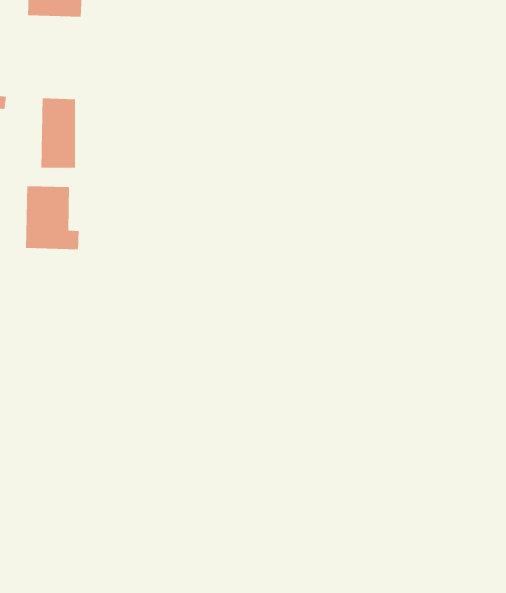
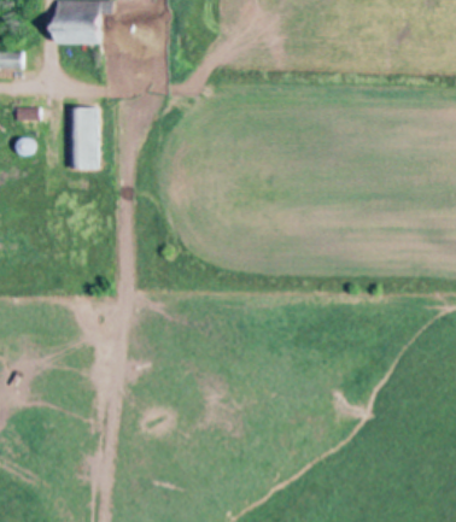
building: [26,186,79,250] -> none

